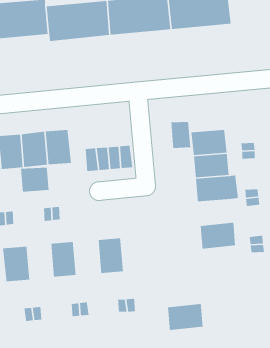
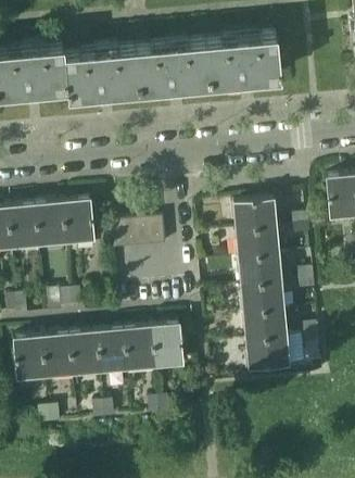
building: [170,121,191,149] -> none
building: [20,167,50,193] -> none
building: none -> [241,282,284,313]
building: none -> [152,324,183,367]
building: none -> [97,329,128,372]
building: none -> [42,334,73,377]
building: [167,303,203,331] -> [246,337,289,369]

